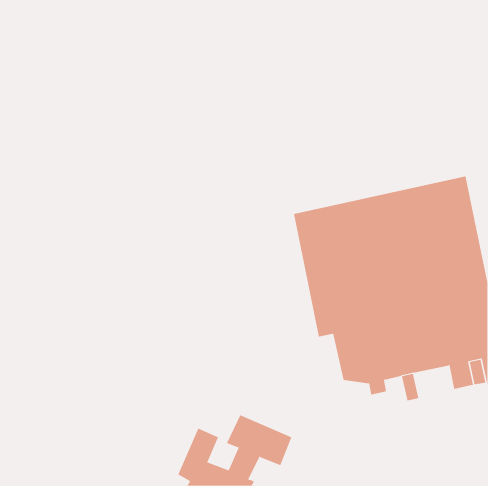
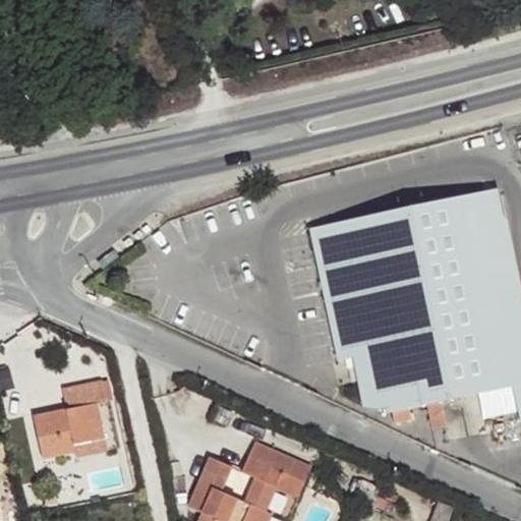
building: none -> [34,380,112,458]

